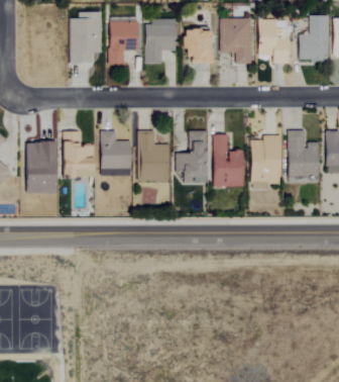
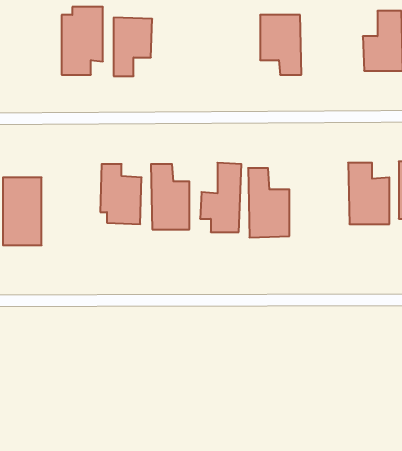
building: [146,18,177,64] -> none
building: [257,19,289,64] -> none
building: [184,29,210,64] -> none
building: [62,131,93,178] -> none
building: [250,135,279,189] -> none

